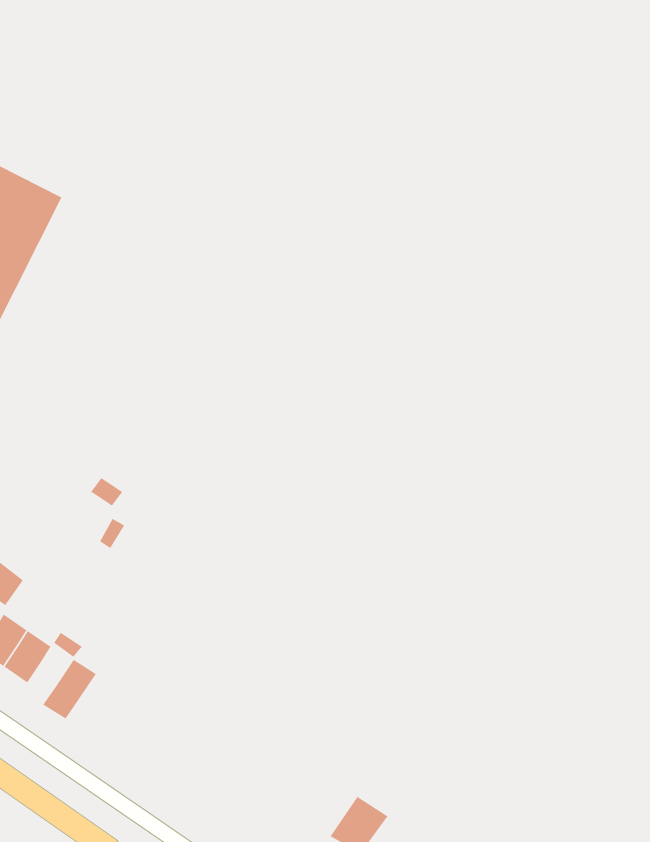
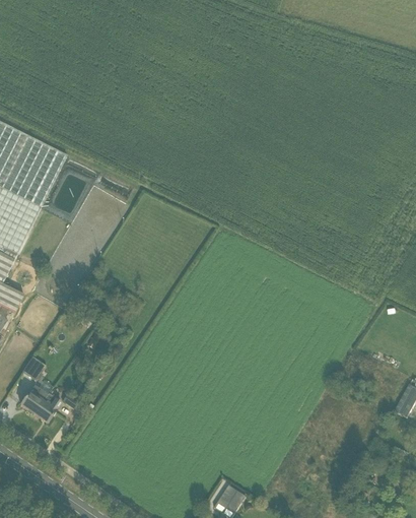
building: [42,659,97,720] -> none

